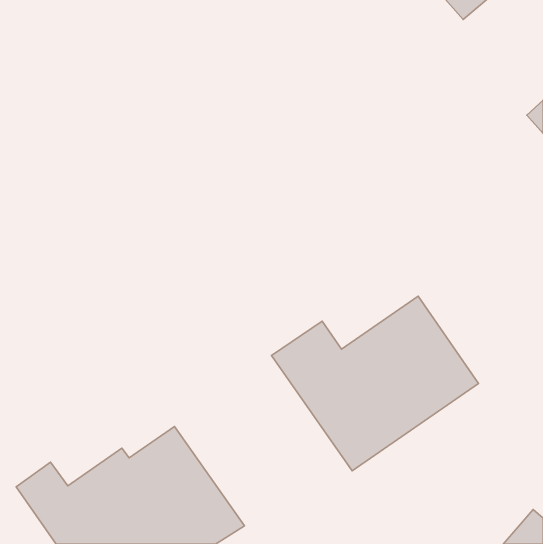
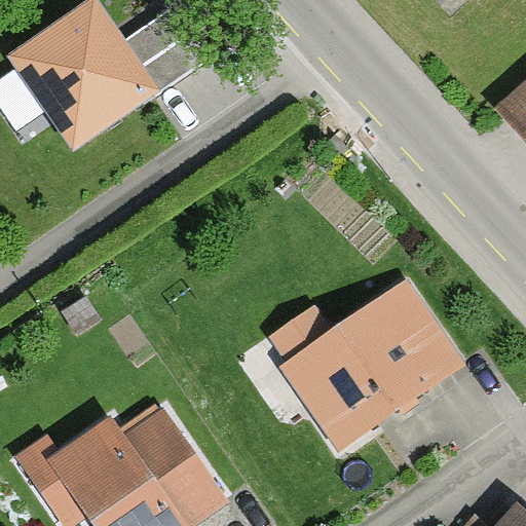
building: none -> [29,6,189,171]

